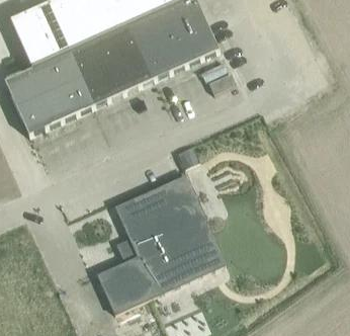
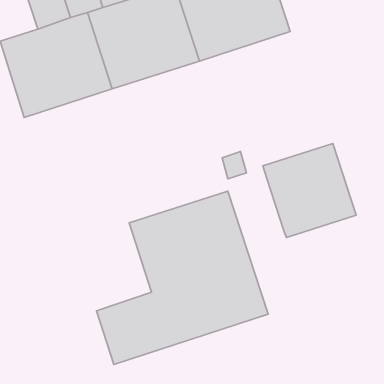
building: none -> [263,144,356,237]

